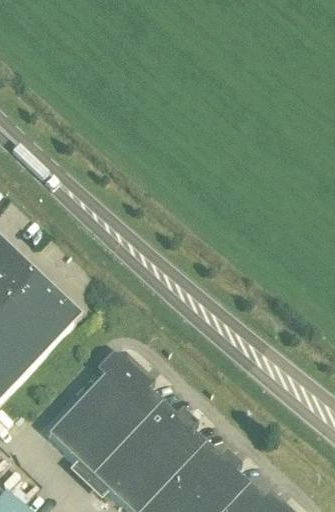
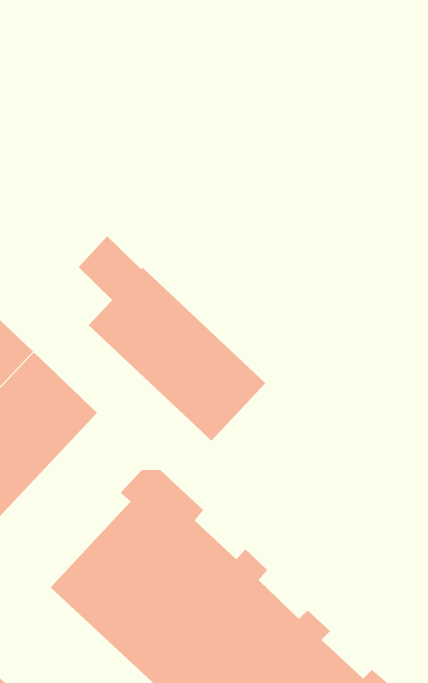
building: none -> [78,236,266,442]

